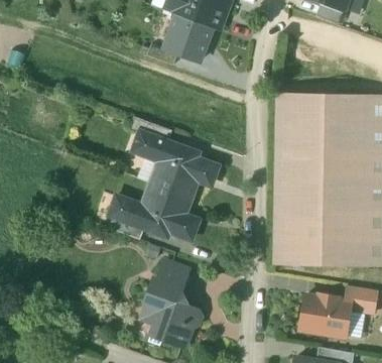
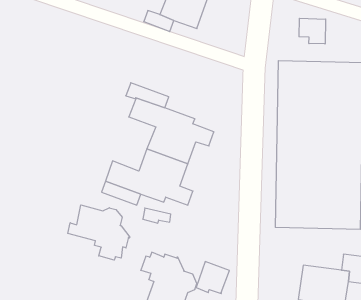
building: none -> [299,18,326,44]
building: none -> [68,205,130,260]
building: [155,260,188,292] -> [196,262,229,294]

